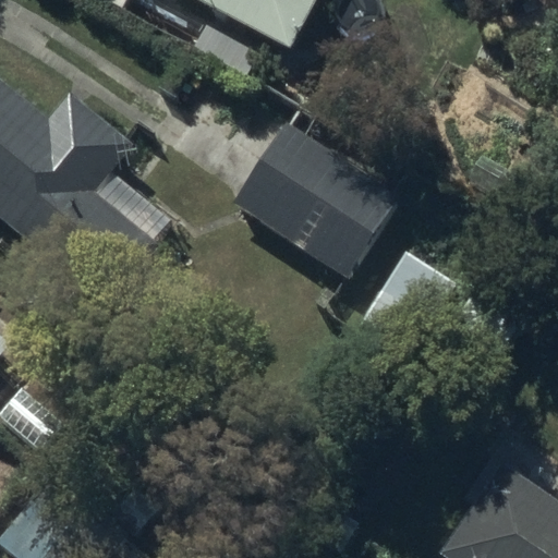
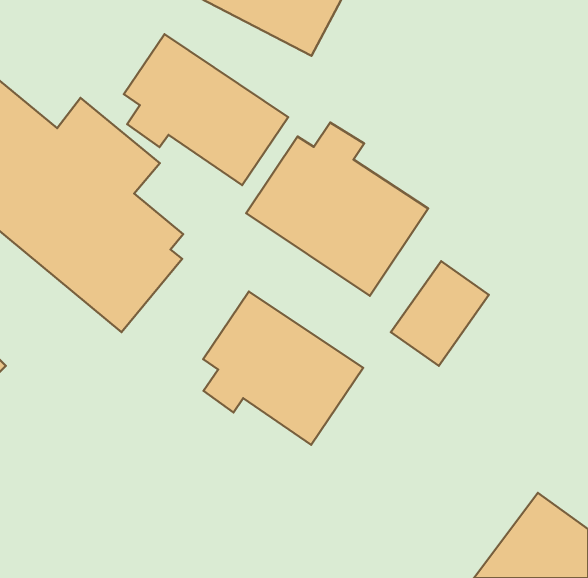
building: none -> [124,34,288,185]
building: none -> [203,292,363,445]

